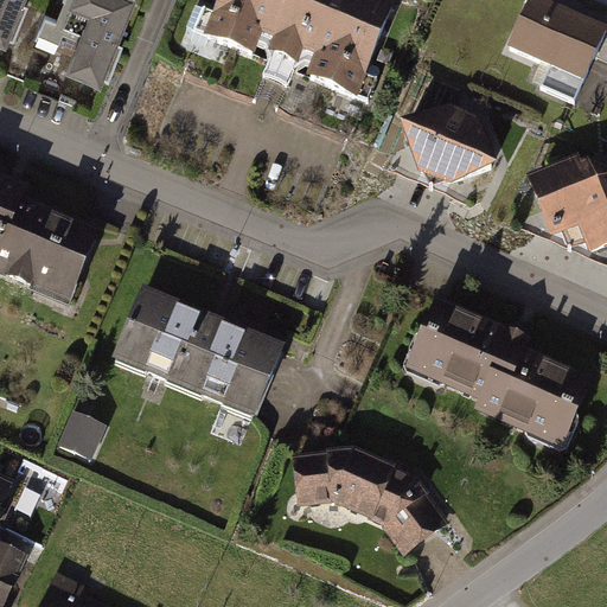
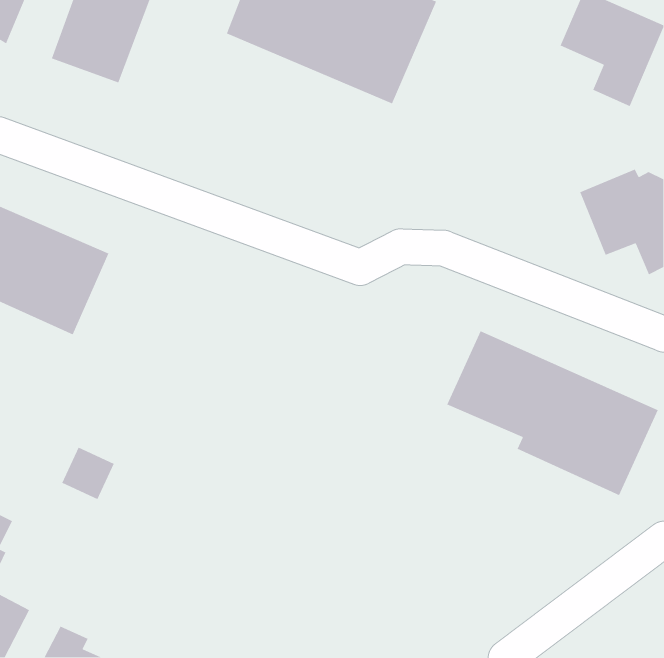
building: [401,102,497,183] -> none
building: [114,289,285,421] -> none
building: [292,443,448,550] -> none

